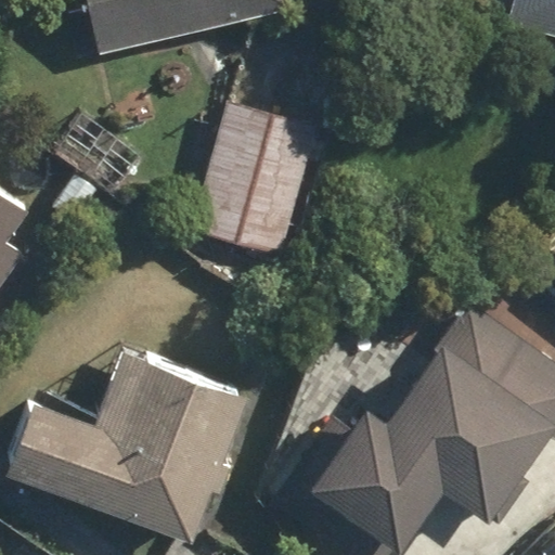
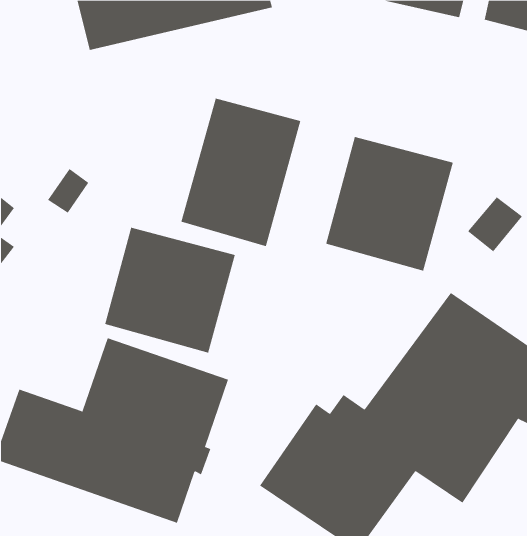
building: none -> [326,136,454,272]
building: none -> [105,227,236,354]

